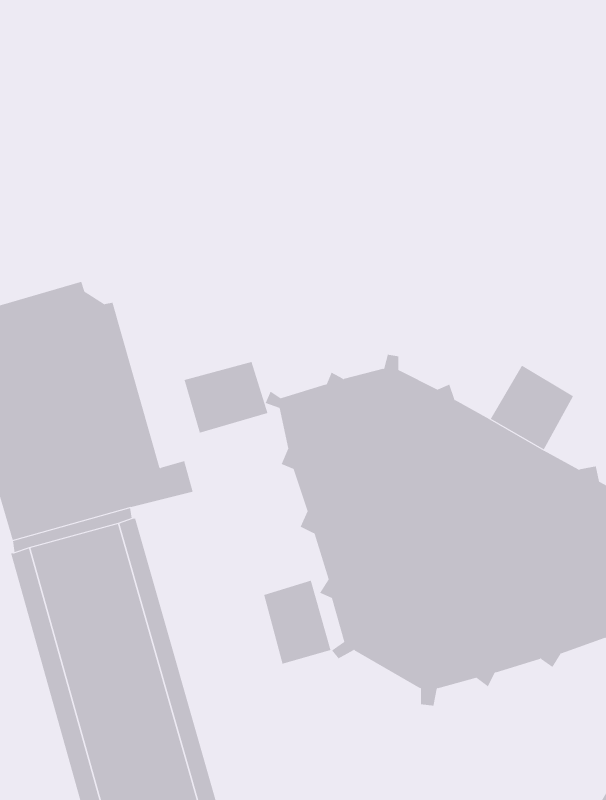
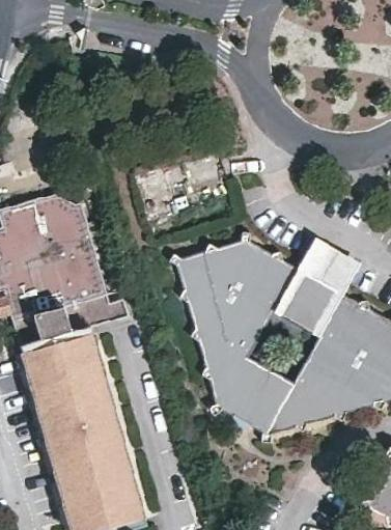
building: [184,361,268,433] -> none
building: [264,580,331,664] -> none

